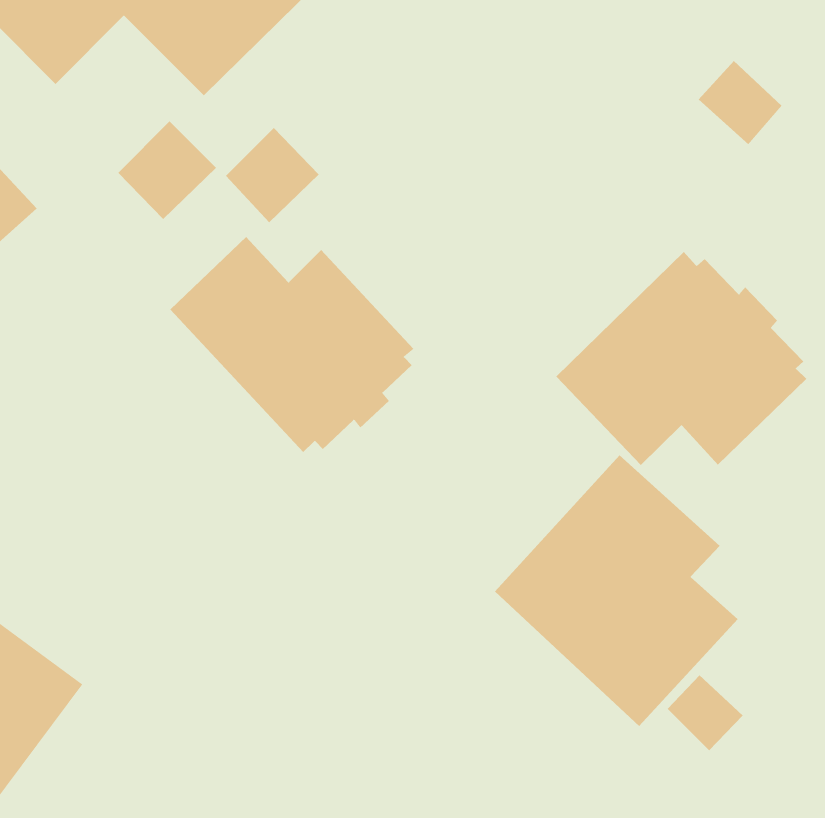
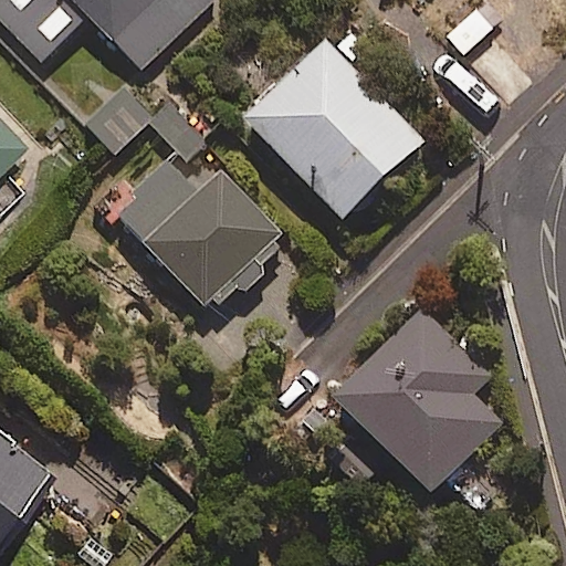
building: none -> [244,40,422,218]
building: [556,251,807,466] -> none

